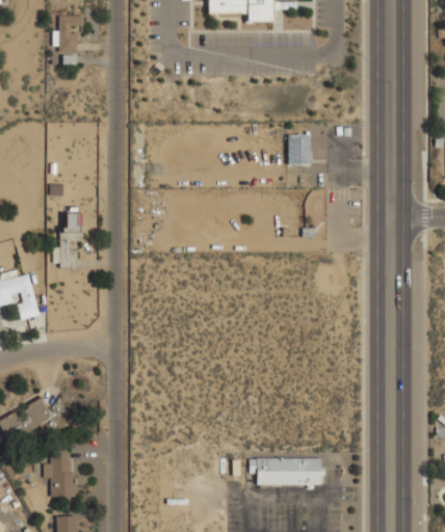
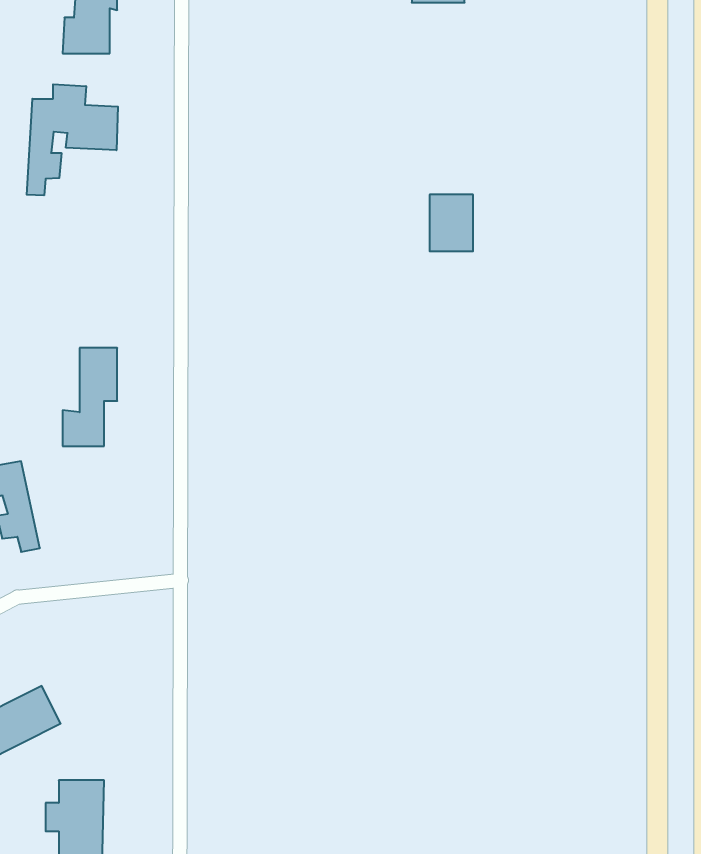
building: none -> [27,84,118,195]
building: [287,133,311,164] -> [430,195,473,251]
building: [248,457,323,485] -> none

